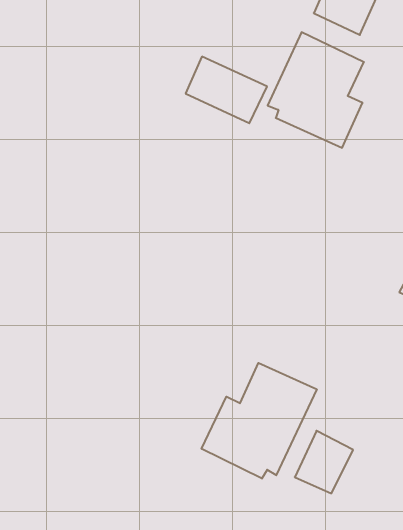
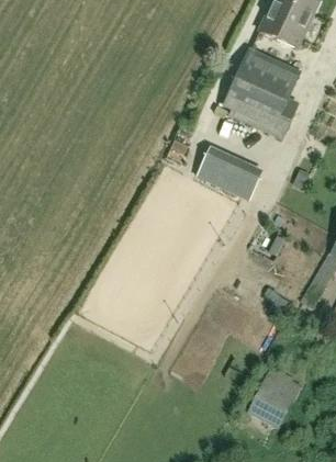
building: [186,57,267,123] -> [197,145,262,199]
building: [202,363,317,479] -> none

